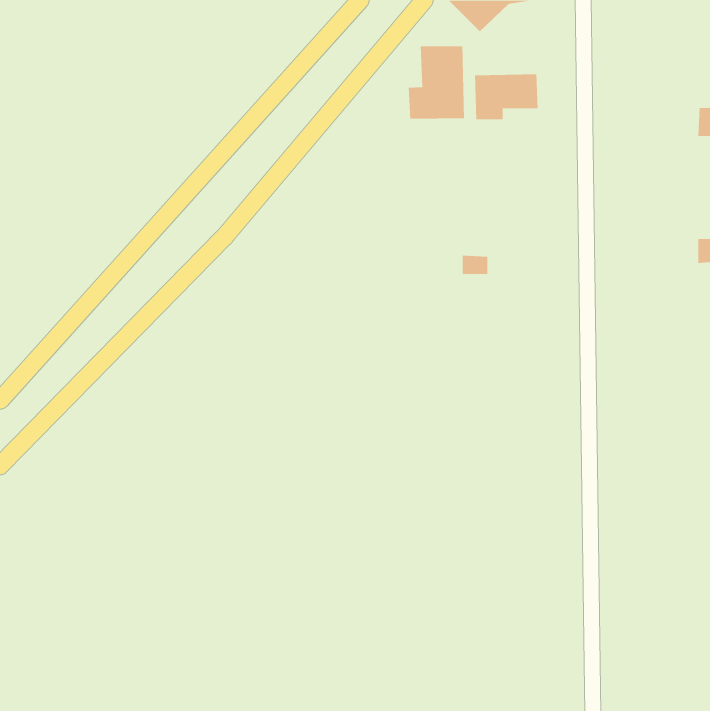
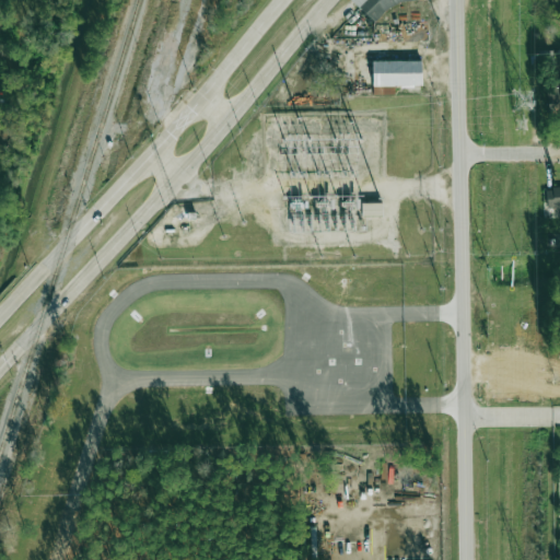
building: [408,46,464,120] -> none

